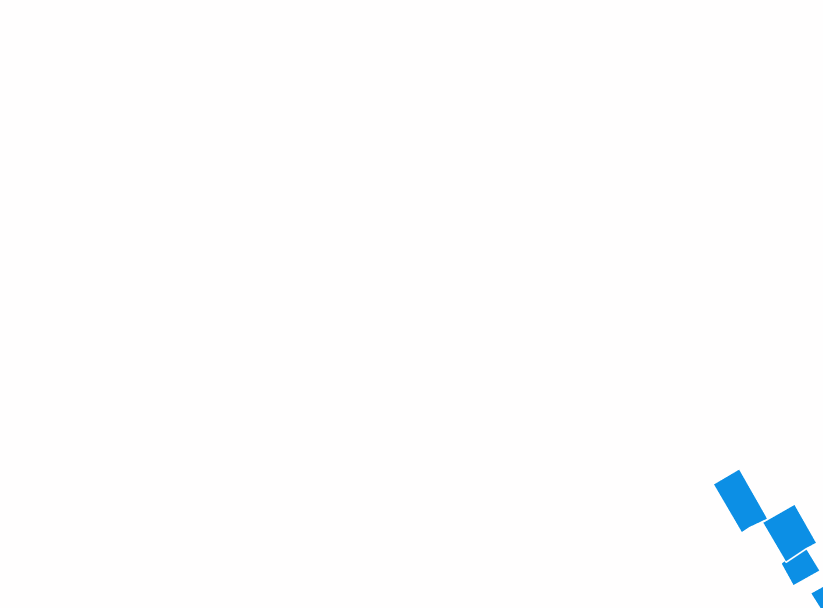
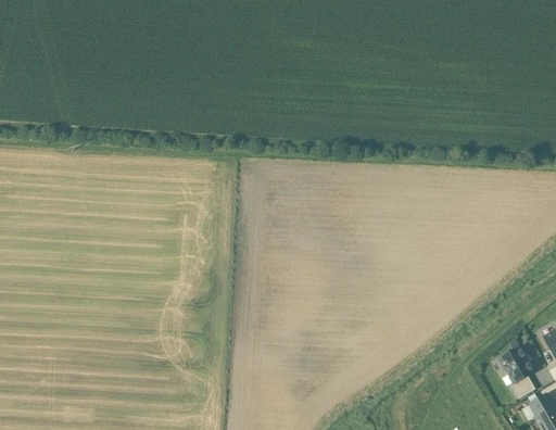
building: [713,468,768,533] -> none

